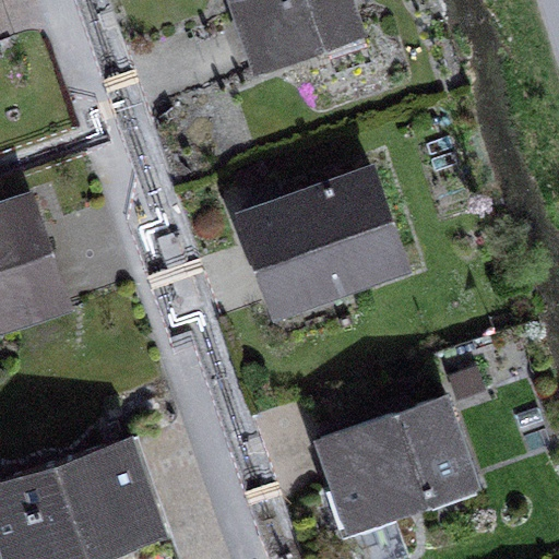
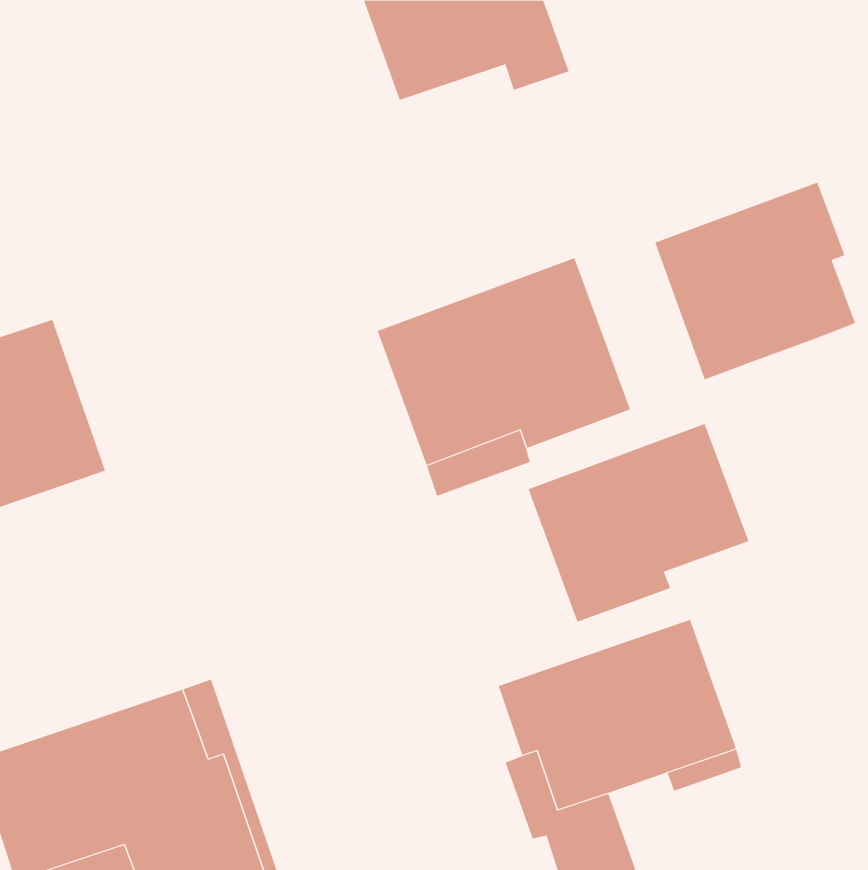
building: none -> [655,182,856,380]
building: none -> [528,423,749,623]

